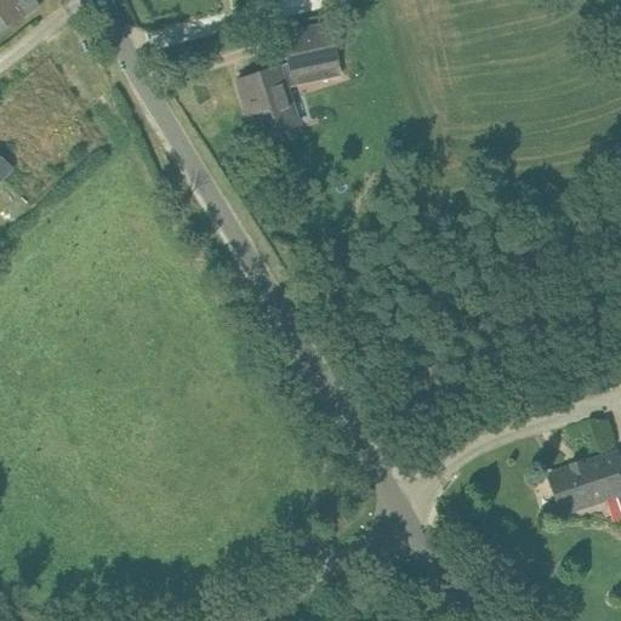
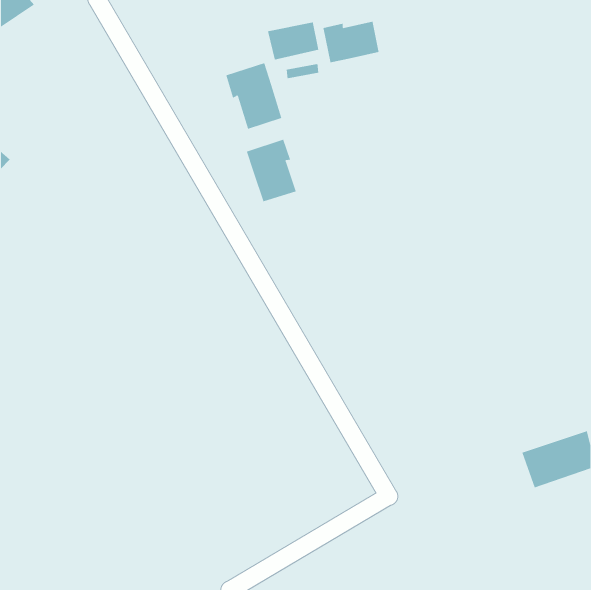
building: none -> [323,21,379,63]
building: none -> [246,139,297,202]

